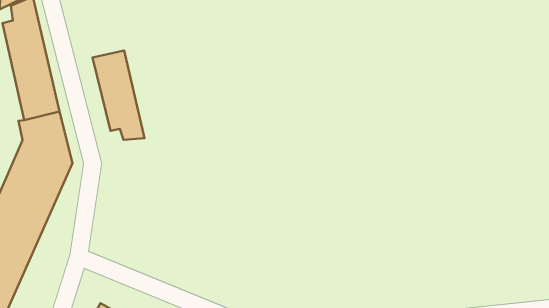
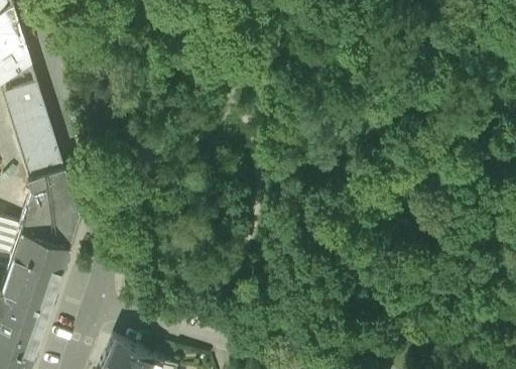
building: [93,50,145,140] -> none

